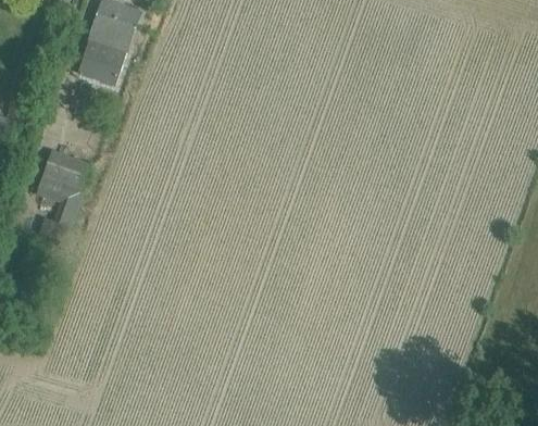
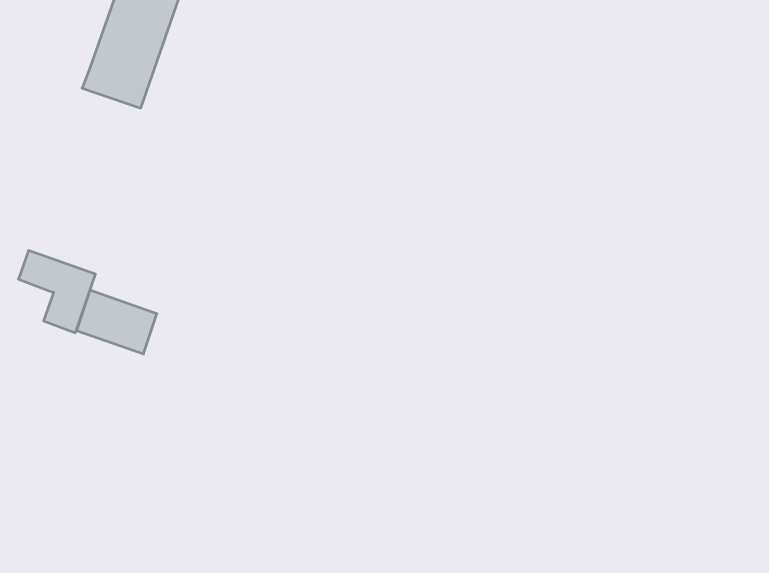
building: [41,149,93,190] -> [77,290,157,354]

